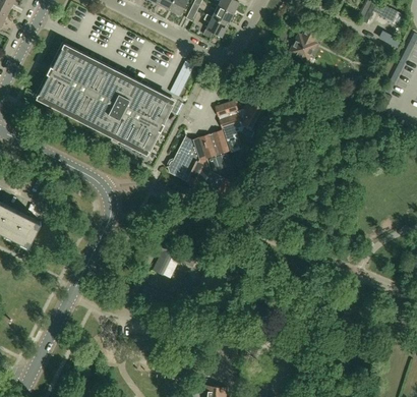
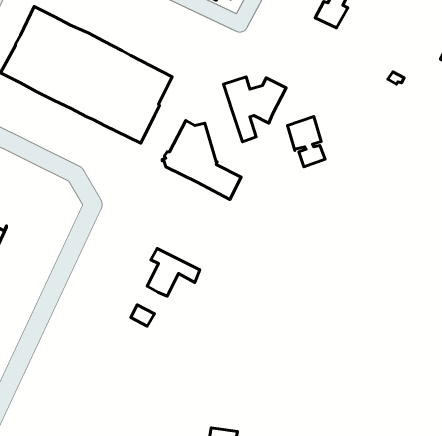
building: [200,130,231,171] -> [287,117,325,167]

